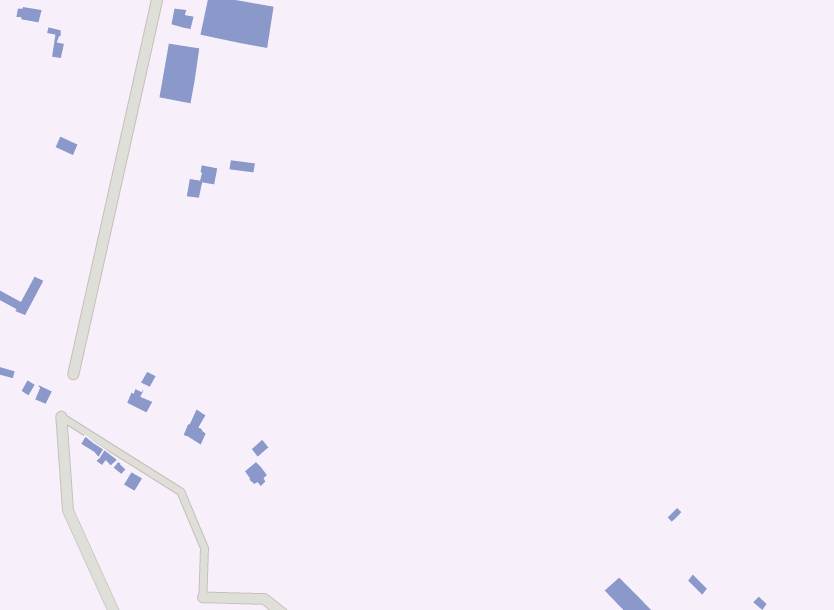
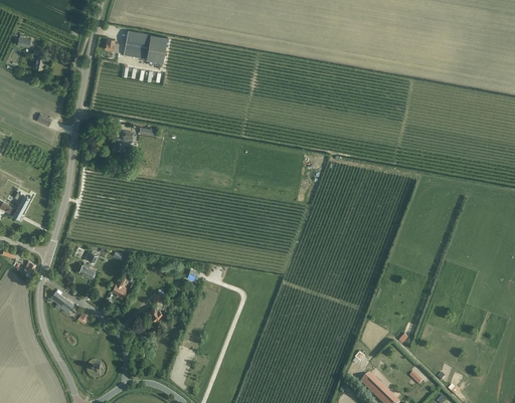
building: [158,43,200,104] -> none

